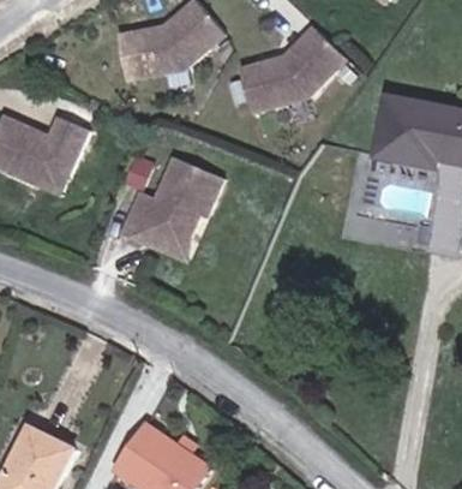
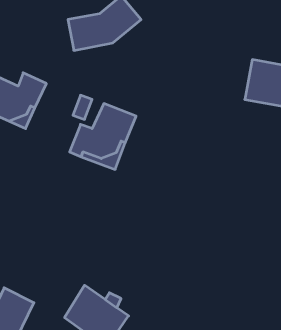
building: [239,29,344,114] -> none

